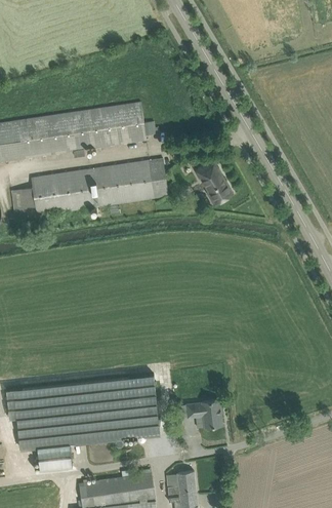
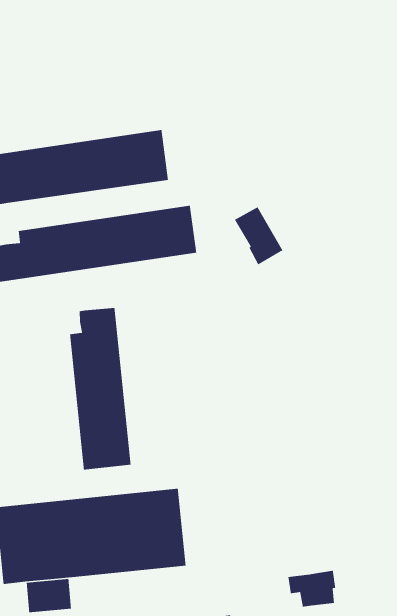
building: none -> [69,307,131,471]
building: [185,399,222,428] -> [287,570,336,608]

